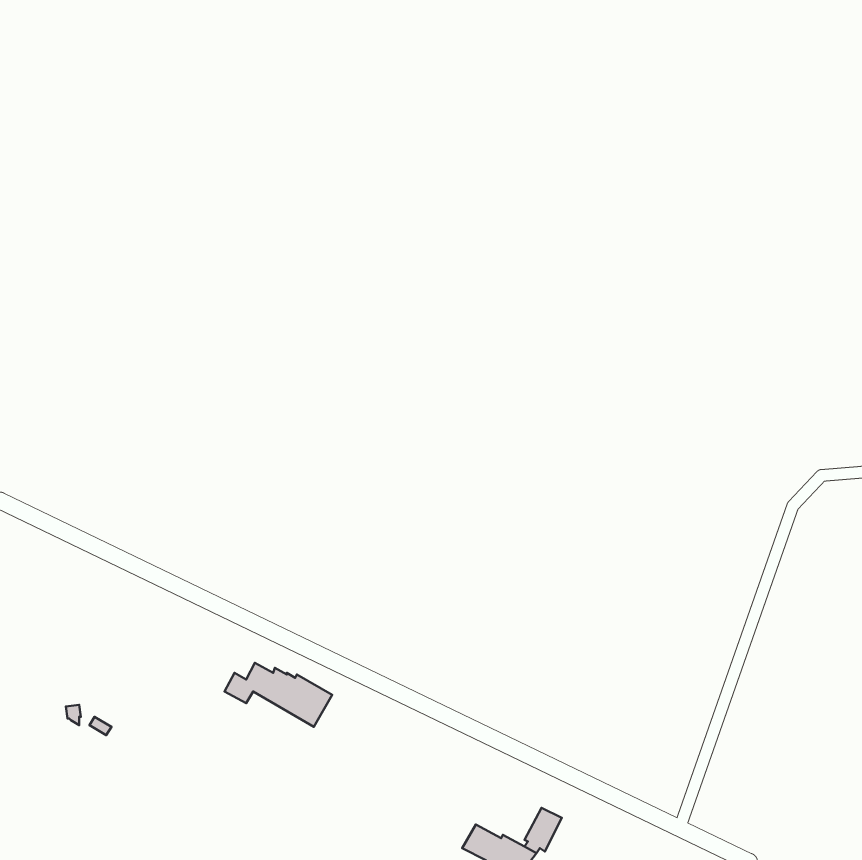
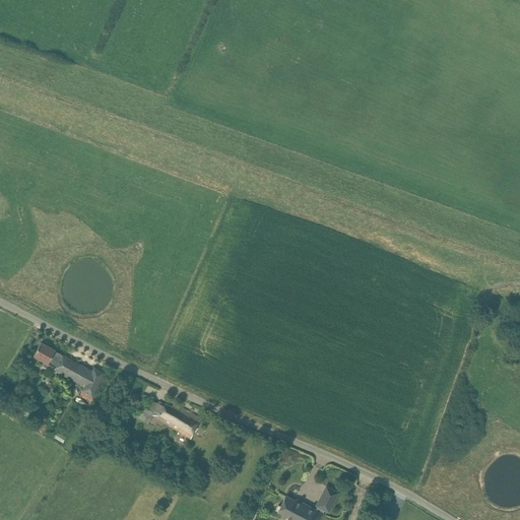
building: none -> [34,343,105,397]

